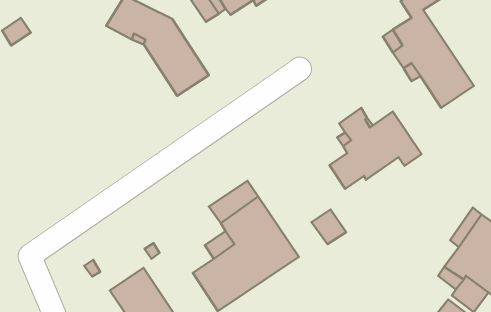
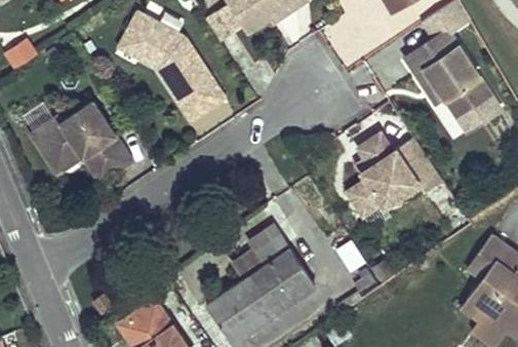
building: none -> [27,94,131,184]

